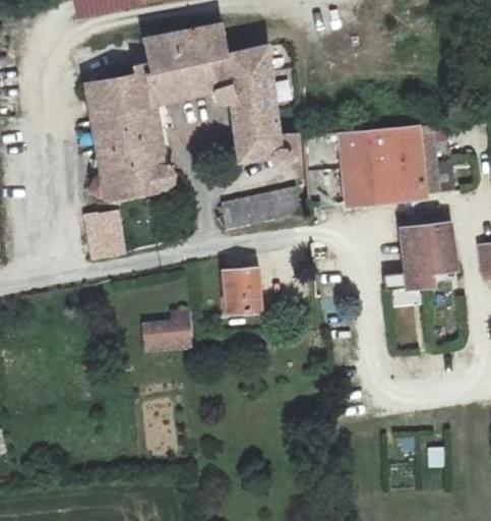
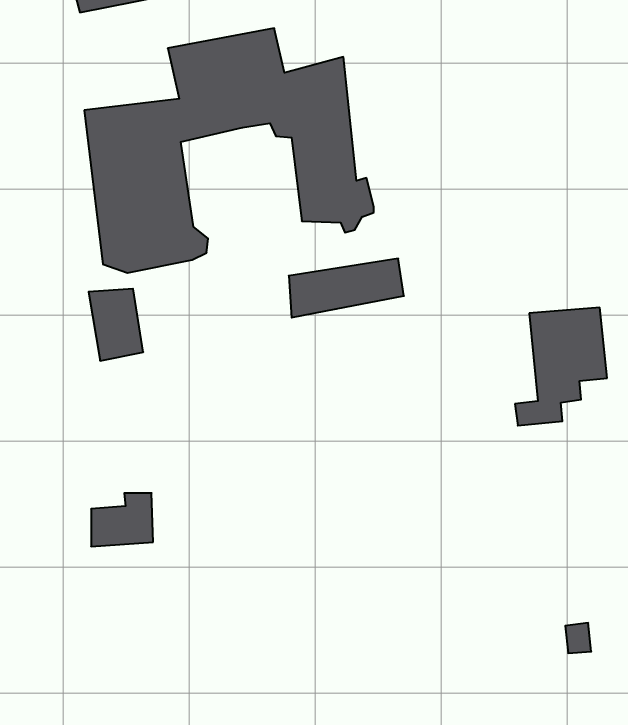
building: [337,125,450,206] -> none
building: [221,269,262,320] -> none
building: [150,307,194,345] -> [91,493,153,546]

